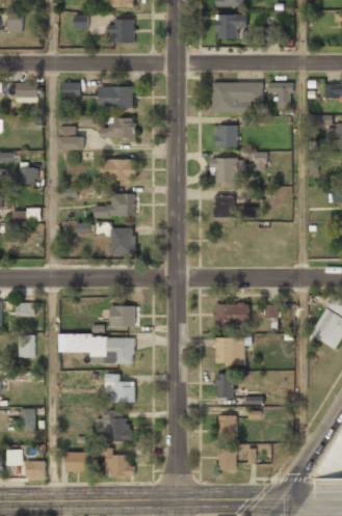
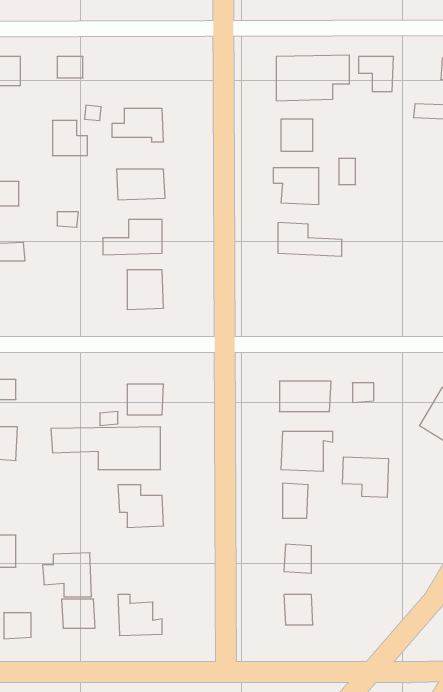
building: [99,86,133,107] -> none
building: none -> [342,457,389,497]
building: [95,410,128,440] -> [43,553,91,597]

